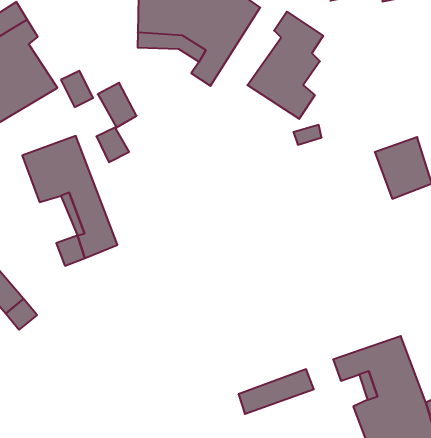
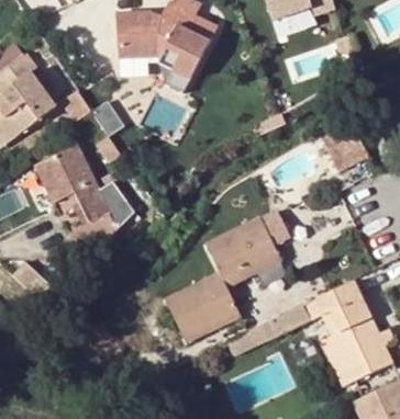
building: [247,12,323,119] -> none
building: none -> [166,217,281,341]

